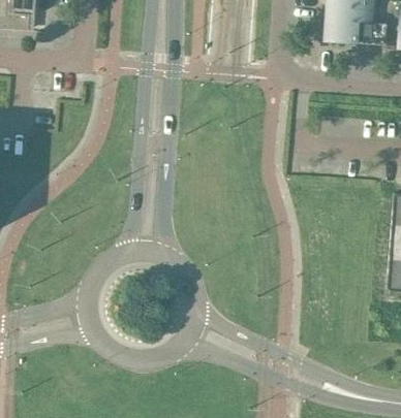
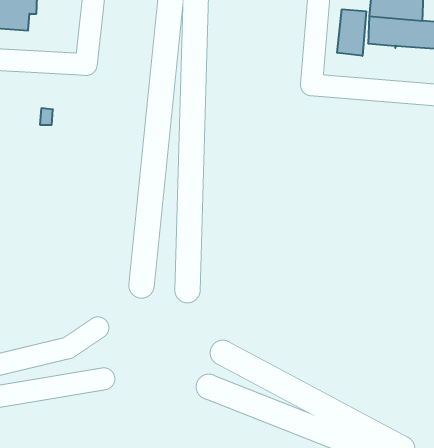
building: none -> [337,9,366,56]

